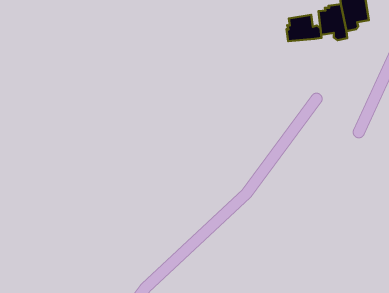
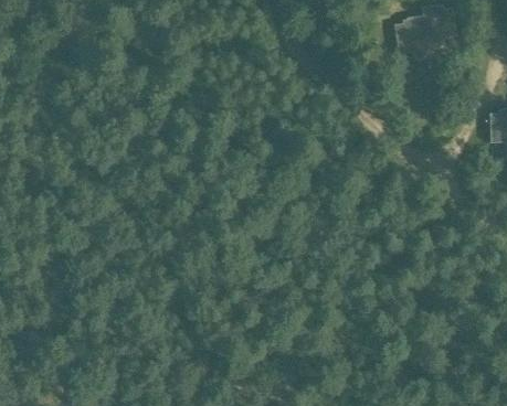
building: [287,15,321,41] -> none

